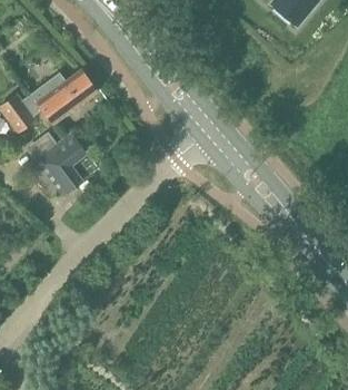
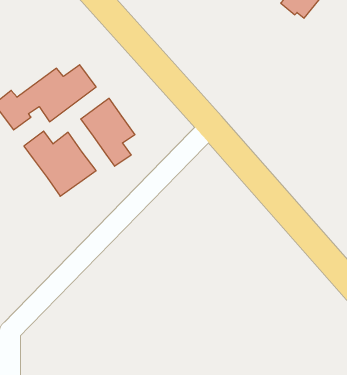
building: none -> [81,98,135,166]

